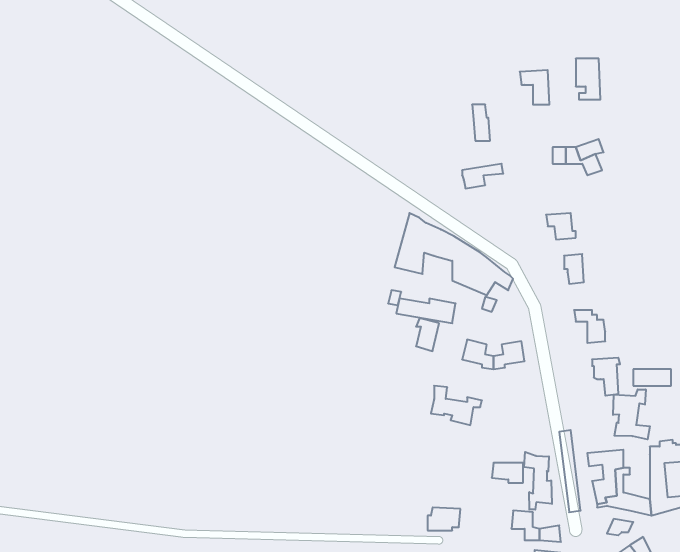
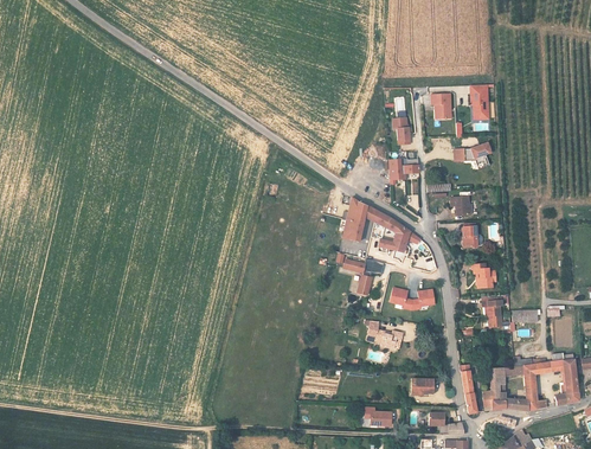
building: [613,389,650,439] -> none
building: [524,452,552,510] -> none

